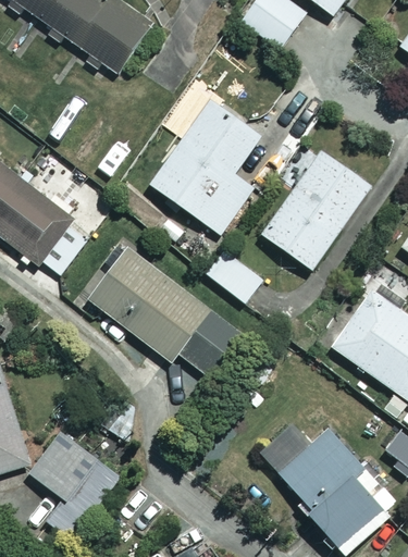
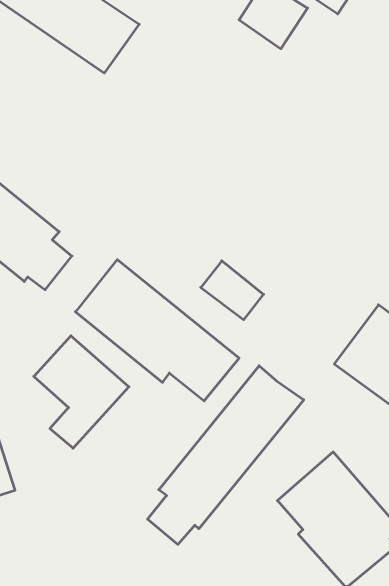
building: [135,101,261,235] -> none
building: [261,151,370,270] -> none
building: none -> [148,366,304,544]
building: [29,432,119,537] -> [34,336,129,448]

